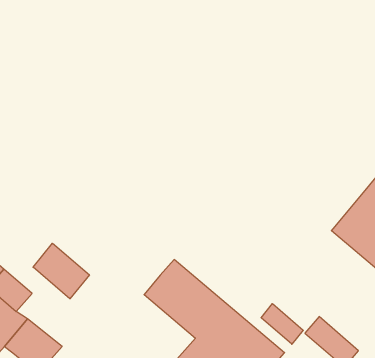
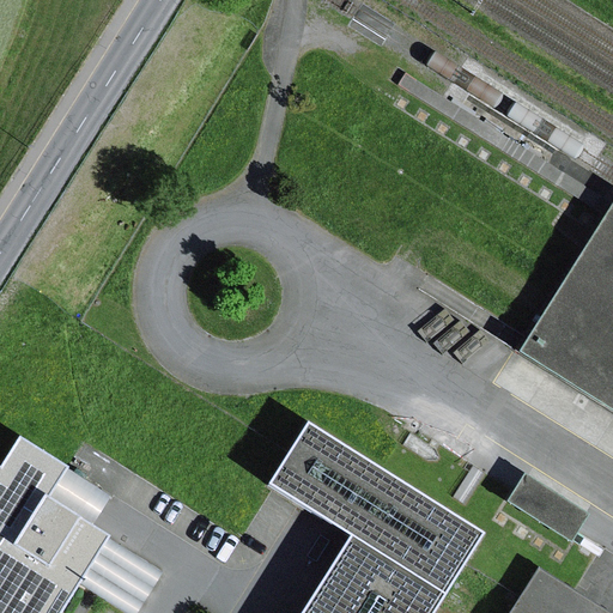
building: [33,243,89,299] -> none
building: [261,304,303,344] -> none

